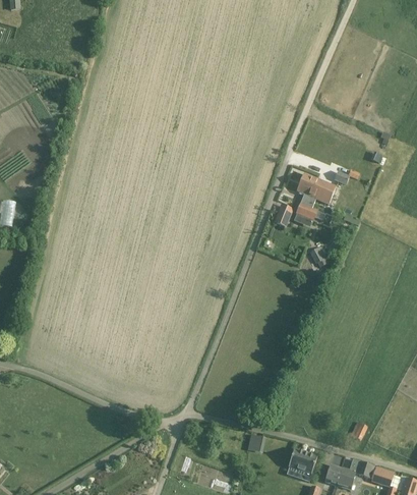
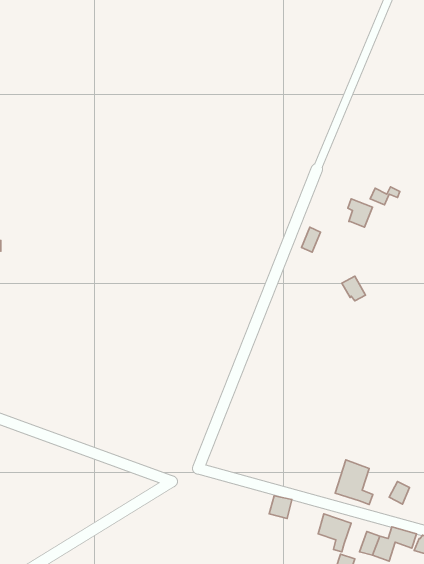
building: [296,173,325,219] -> none
building: none -> [335,460,373,504]

